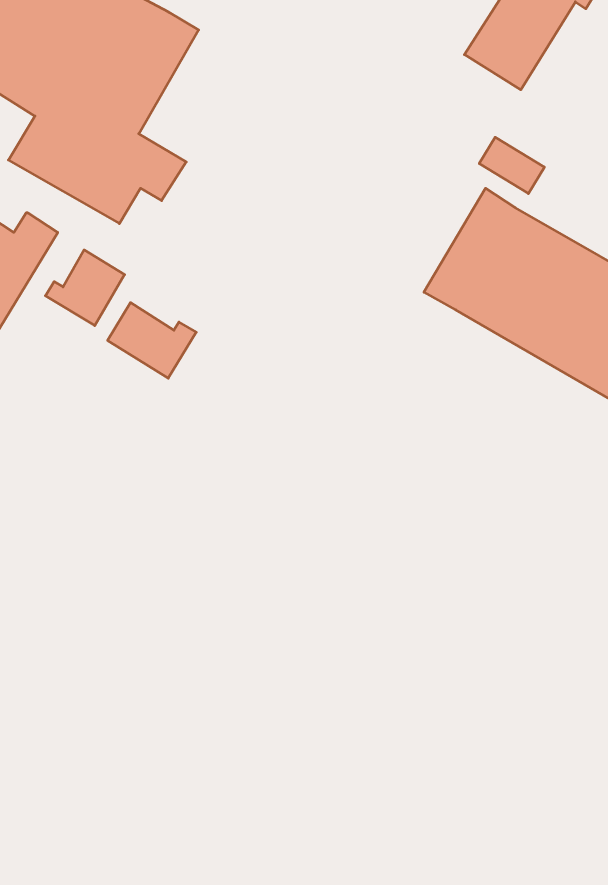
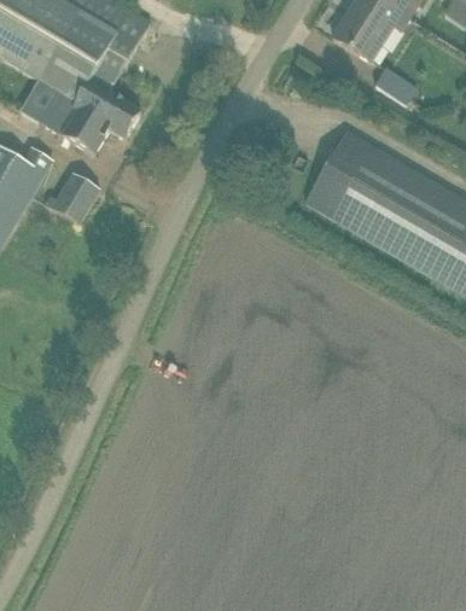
building: [479,137,544,194] -> [374,65,419,104]
building: [108,303,196,378] -> none

